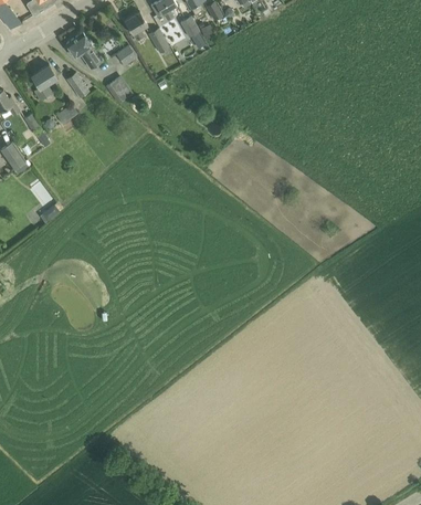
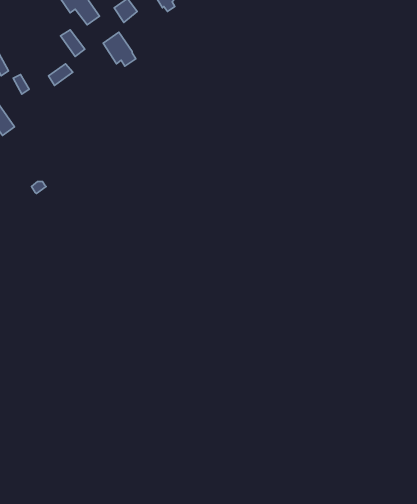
building: [31,64,56,101] -> none

